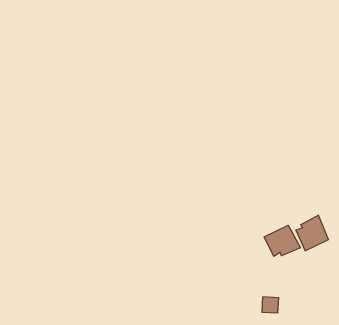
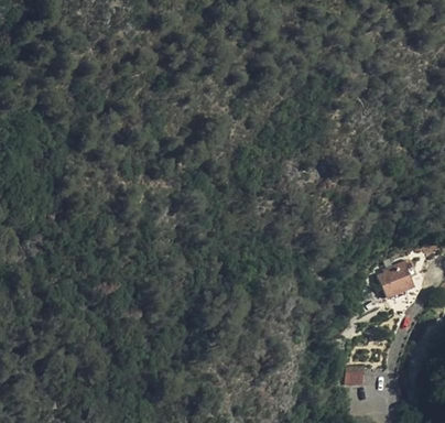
building: [264,225,300,256] -> none

